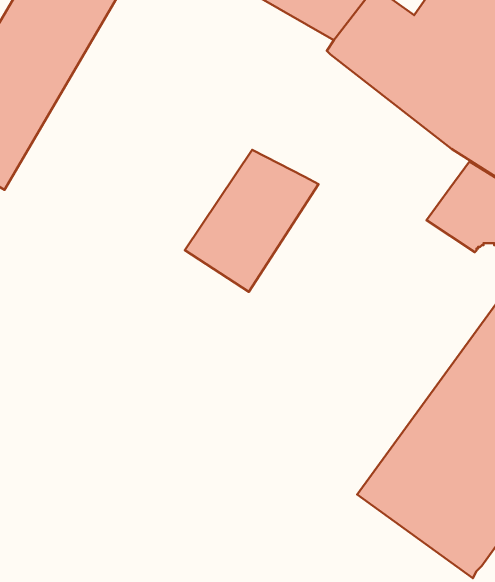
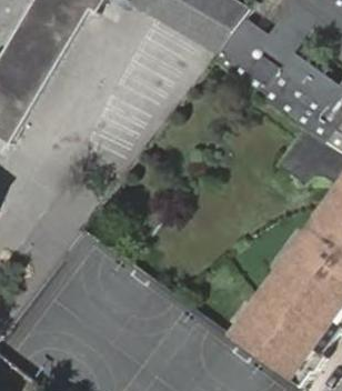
building: [185,150,319,292] -> none

